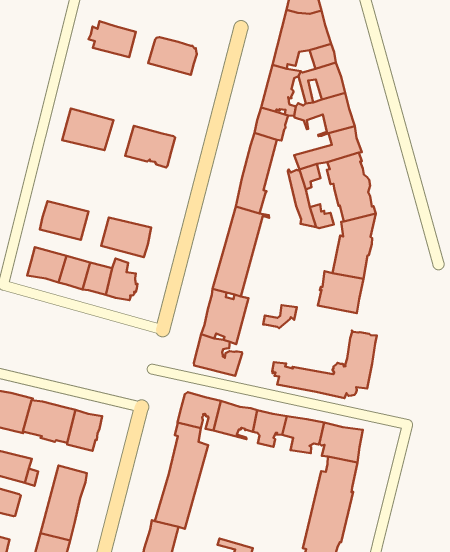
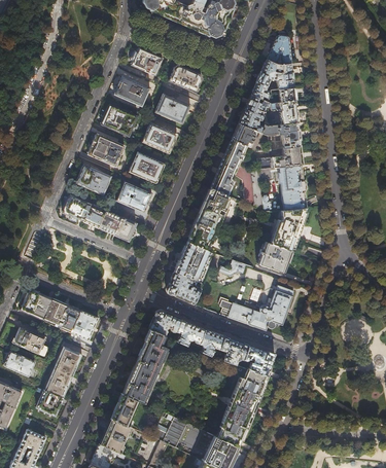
building: none -> [114,76,148,106]
building: none -> [154,94,189,124]
building: none -> [86,135,124,167]
building: none -> [128,152,164,183]

